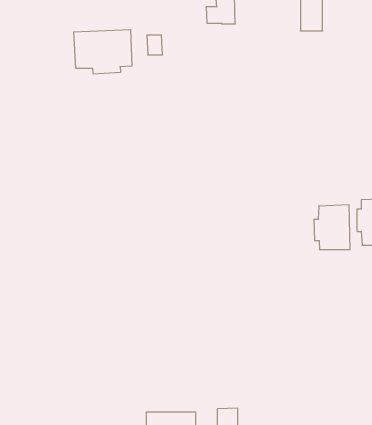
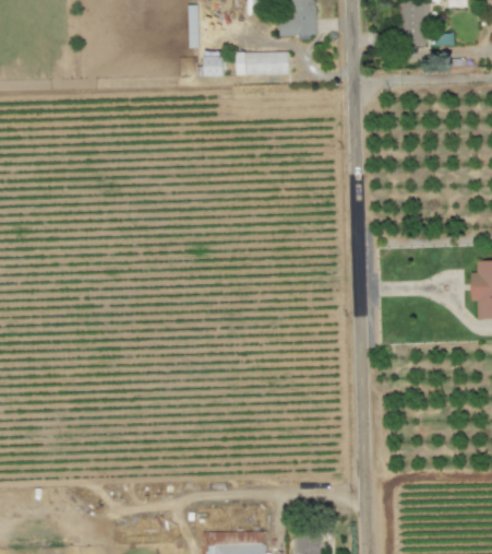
building: [74,29,132,74] -> none
building: none -> [237,51,289,75]
building: [314,205,350,250] -> none

